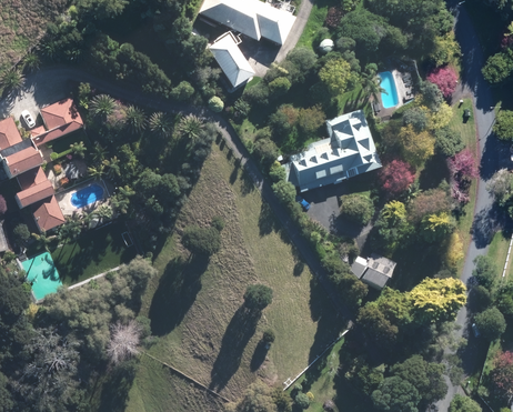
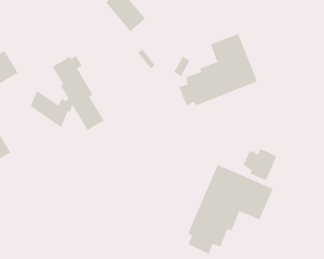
building: none -> [30,55,105,131]
building: none -> [187,164,274,255]

